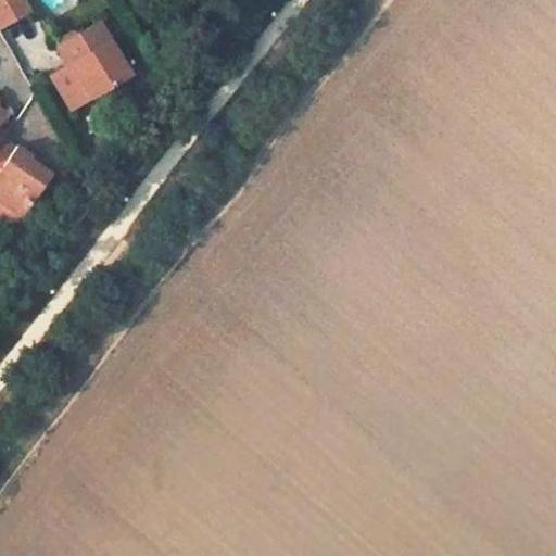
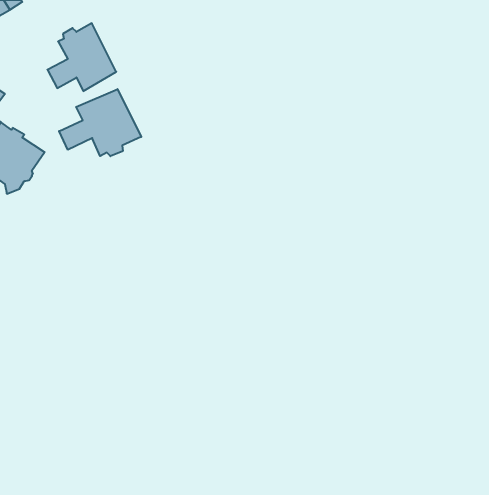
building: none -> [59,89,141,156]

